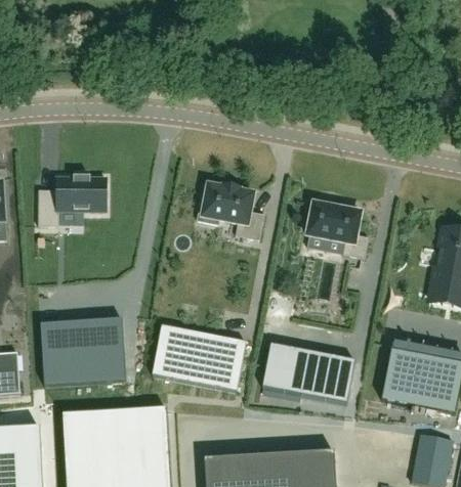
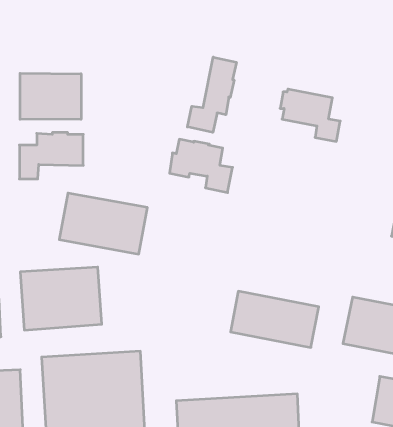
building: none -> [187,57,236,132]
building: none -> [20,73,81,119]
building: [305,202,369,257] -> [280,89,340,141]
building: [153,324,246,389] -> [59,193,147,254]

